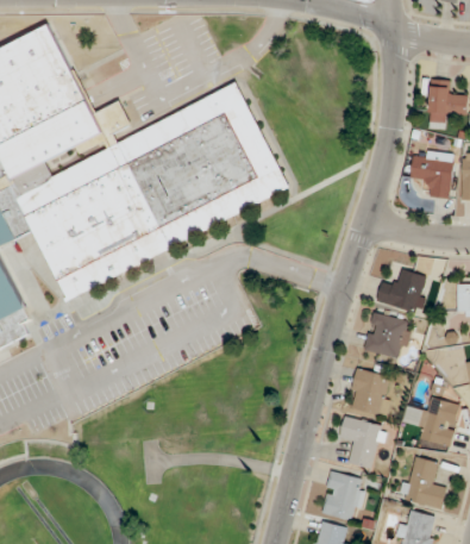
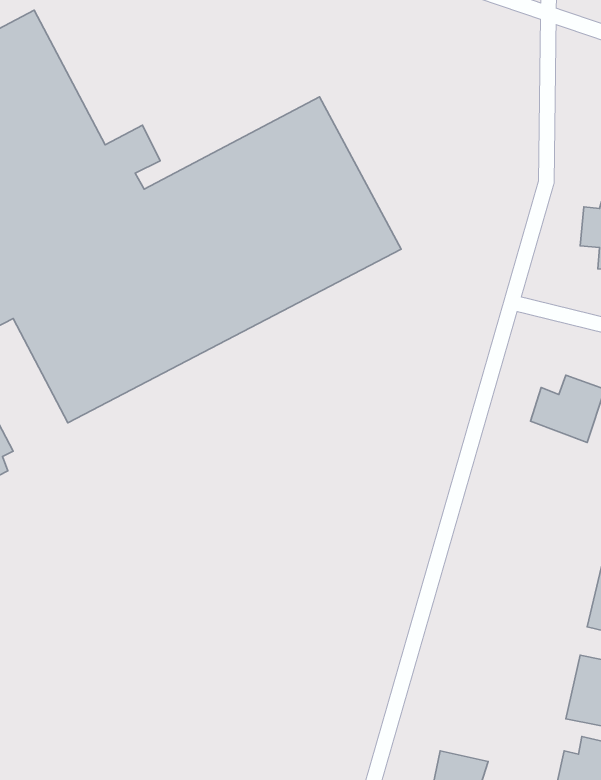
building: [364,312,412,358] -> none
building: [349,369,394,415] -> none
building: [339,417,383,468] -> none
building: [321,471,365,520] -> none

